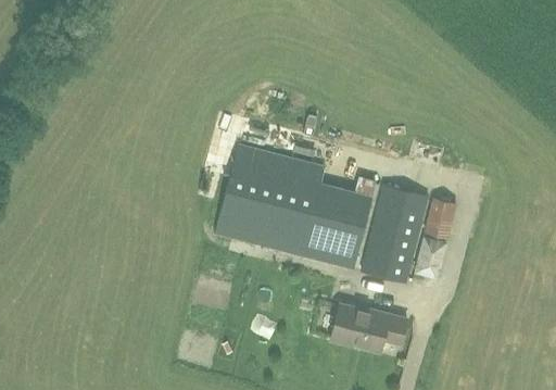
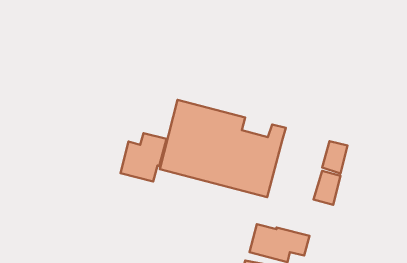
building: [362,184,429,281] -> none
building: none -> [120,133,166,181]

